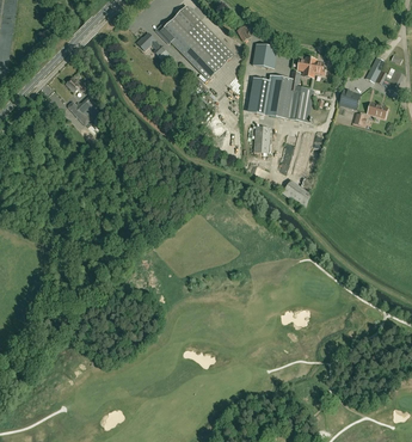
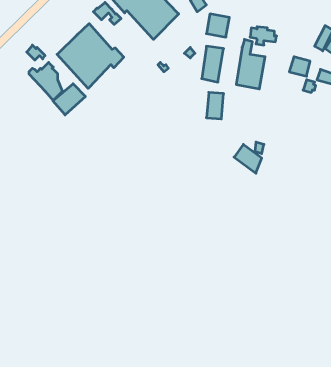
building: none -> [57,24,124,88]
building: [264,75,289,117] -> none
building: none -> [53,84,85,115]

